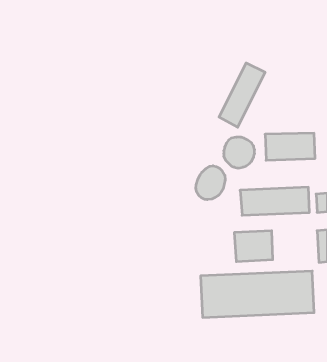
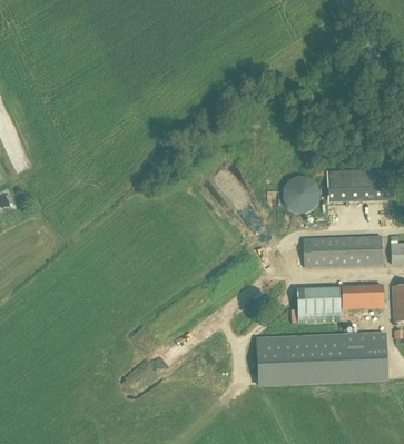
building: [219,63,265,127] -> none
building: [196,166,225,200] -> none
building: none -> [341,284,384,308]

